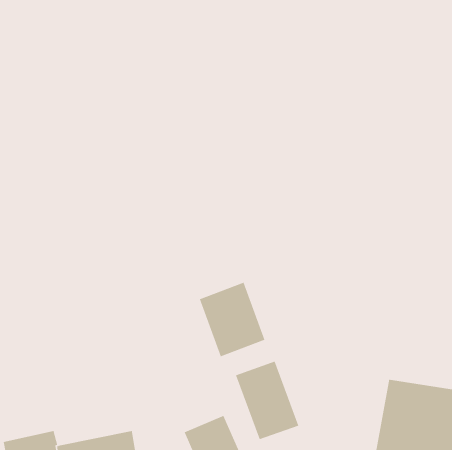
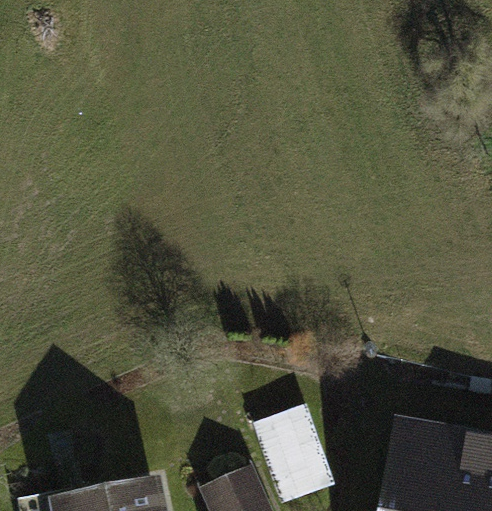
building: [199,282,265,357] -> none

